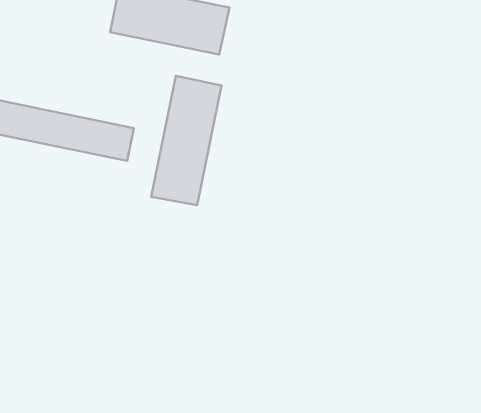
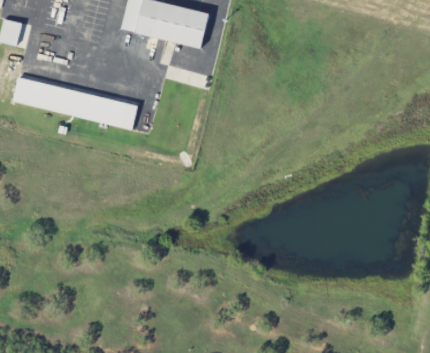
building: [151,76,221,205] -> none

